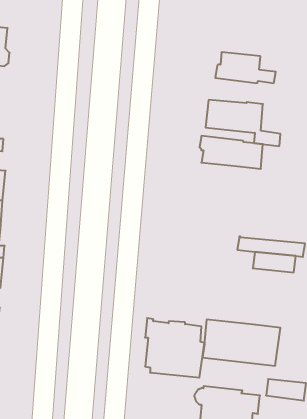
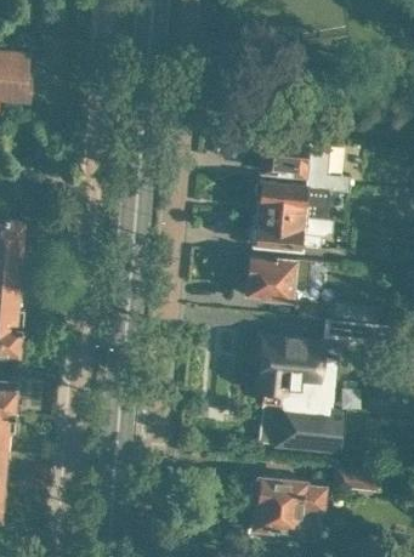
building: [215,52,276,83] -> [250,212,322,249]
building: none -> [245,254,297,302]
building: [145,318,205,378] -> [257,334,328,404]

